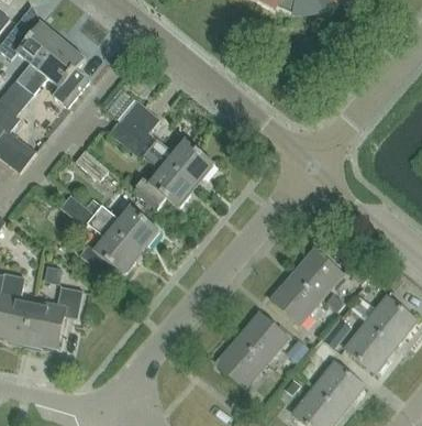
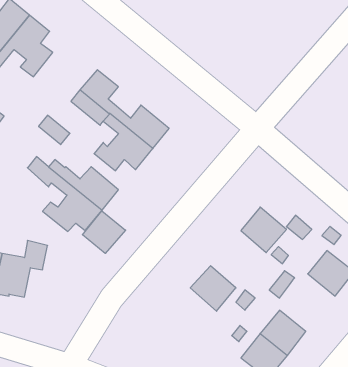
building: none -> [82,211,126,253]
building: [270,274,320,324] -> none
building: [344,321,395,371] -> none
building: [215,337,266,387] -> none

